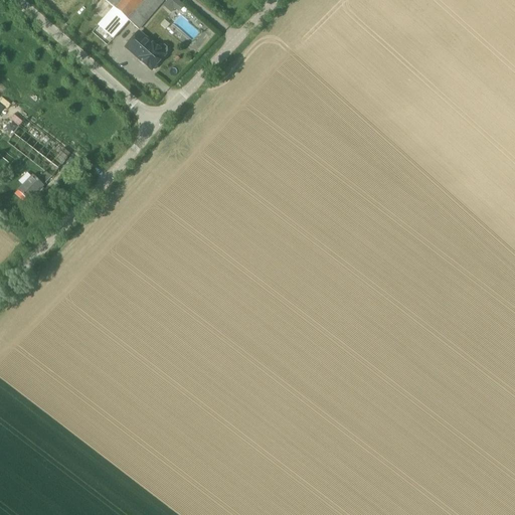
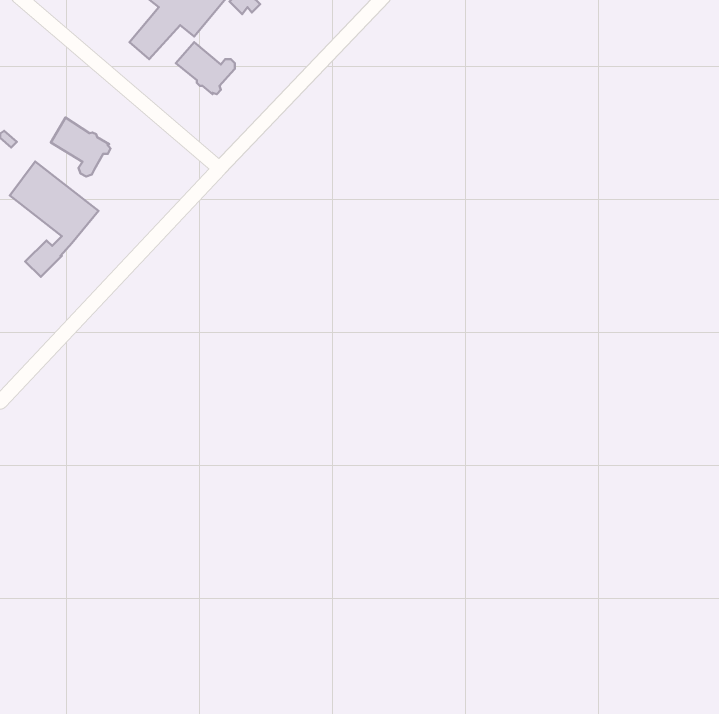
building: none -> [51,117,111,176]

